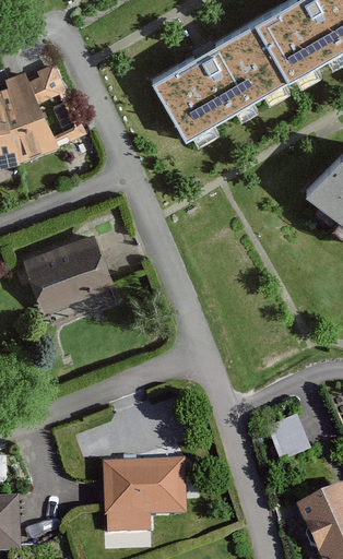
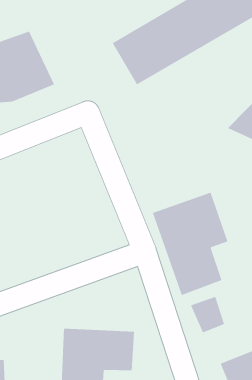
building: [22,239,106,311] -> none
building: none -> [152,192,228,296]

